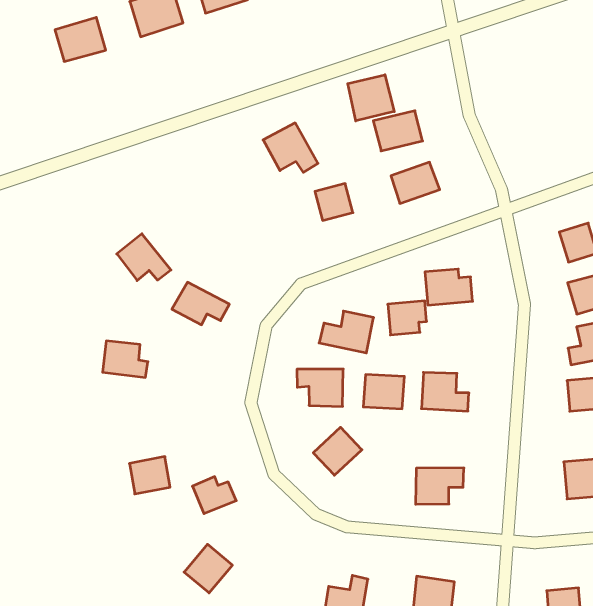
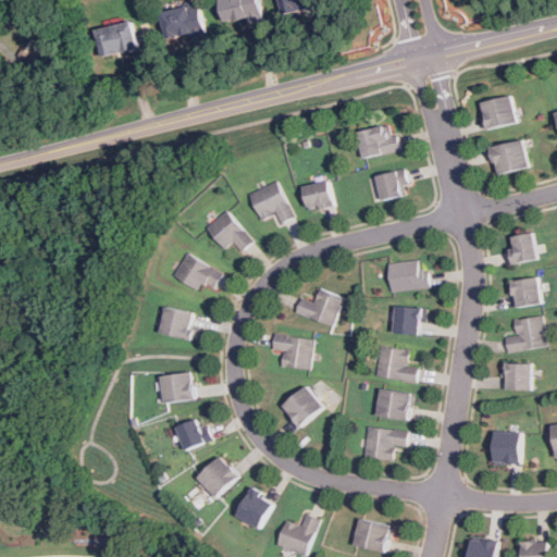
building: none -> [478,96,515,128]
building: [348,75,394,121] -> none
building: none -> [487,139,527,173]
building: [263,123,318,172] -> [248,181,293,223]
building: [117,234,171,281] -> [206,210,250,250]
building: [388,301,427,335] -> [393,307,424,333]
building: [103,341,148,377] -> [159,307,198,341]
building: [363,375,404,409] -> [375,388,412,420]
building: [129,457,170,494] -> [161,372,194,401]
building: [184,544,232,593] -> [197,456,238,497]
building: none -> [237,490,273,527]

